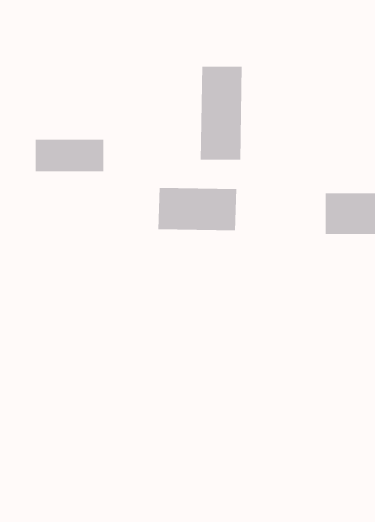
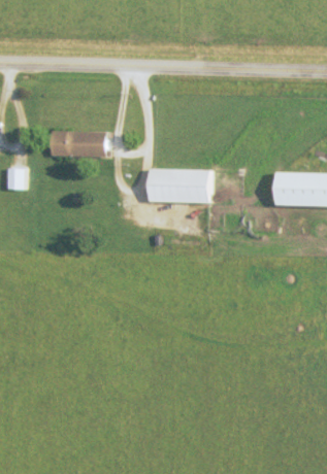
building: [200,66,242,161] -> none

